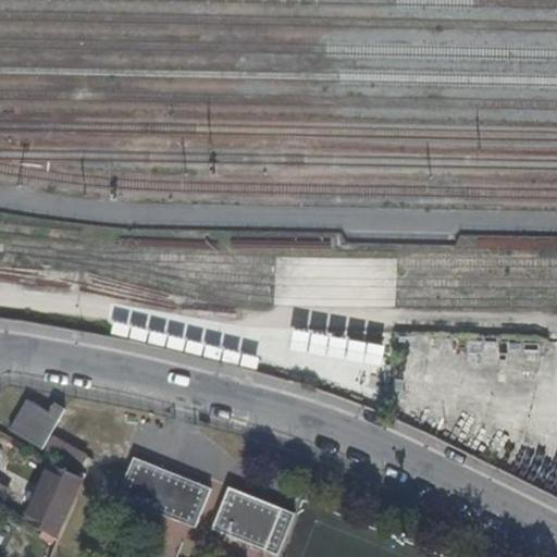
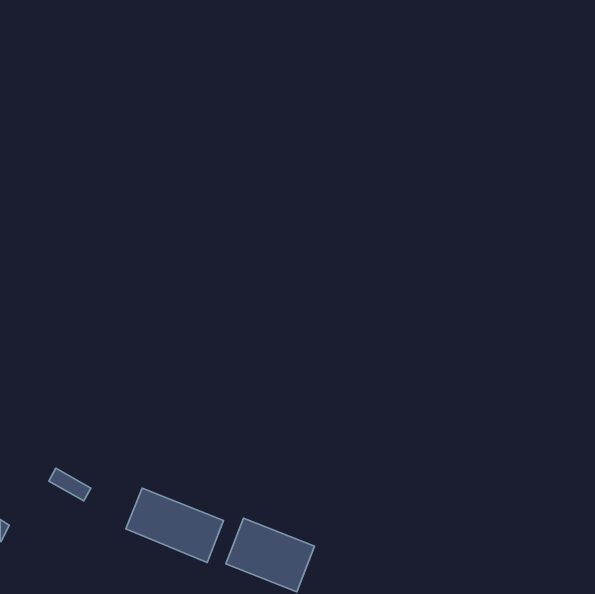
building: [8,400,64,449] -> none
building: [32,467,82,537] -> none

